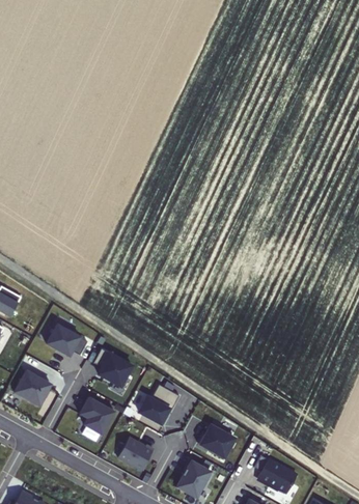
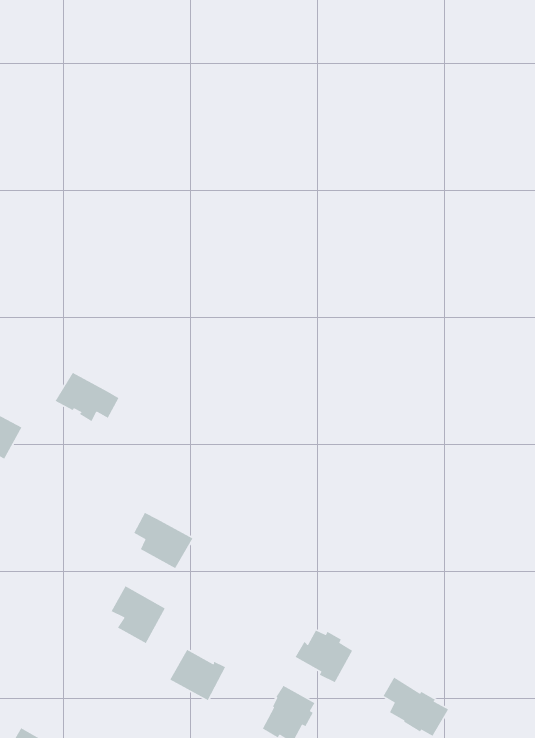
building: [46,325,87,357] -> [54,372,120,422]
building: [15,370,52,405] -> none
building: [139,385,180,425] -> none

